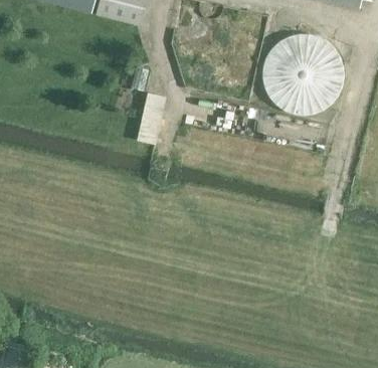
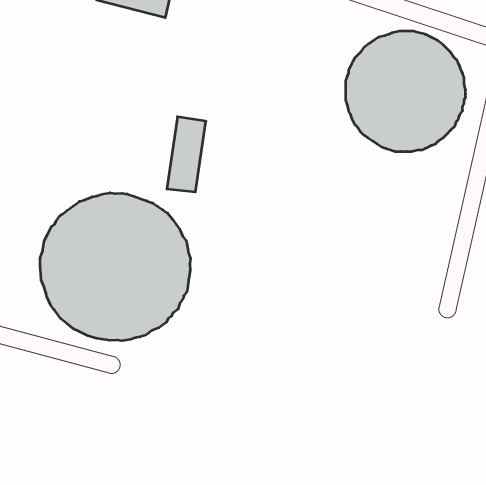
building: none -> [40,193,190,341]

